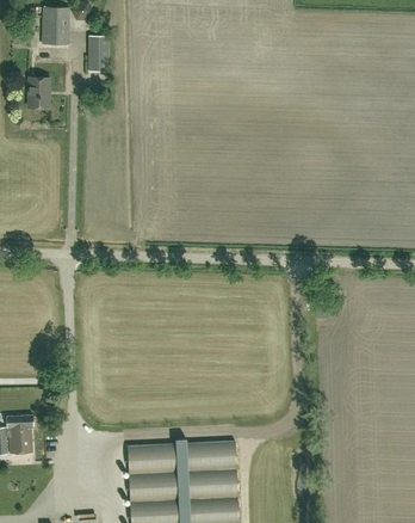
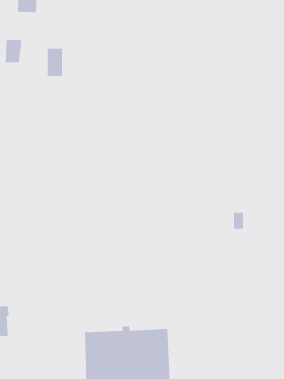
building: [88,36,109,72] -> [47,48,63,76]

